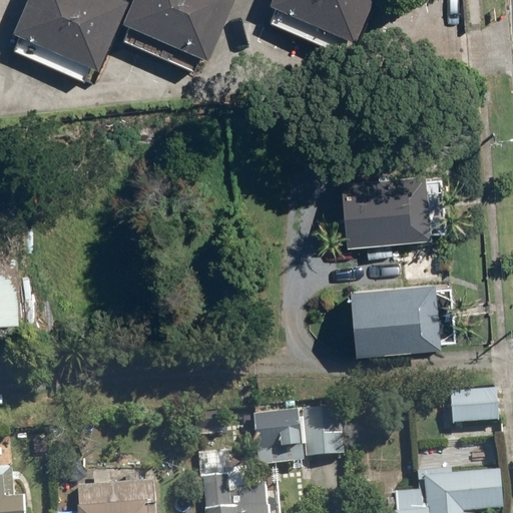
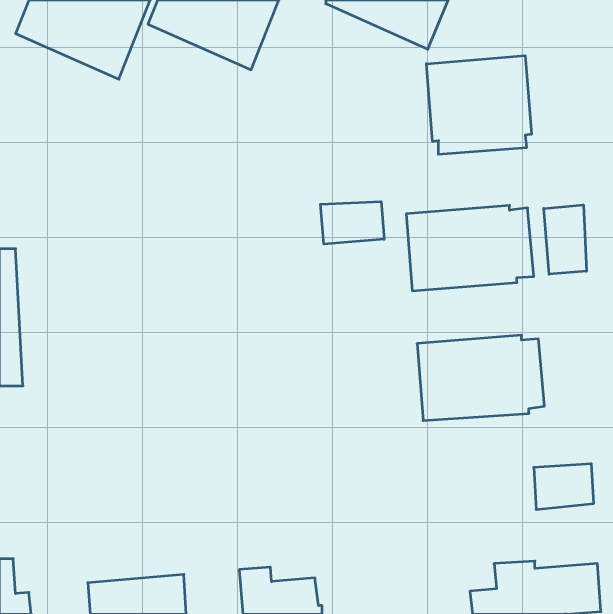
building: none -> [426,56,531,154]
building: none -> [320,202,384,244]
building: none -> [544,205,586,274]
building: [250,410,338,467] -> none

